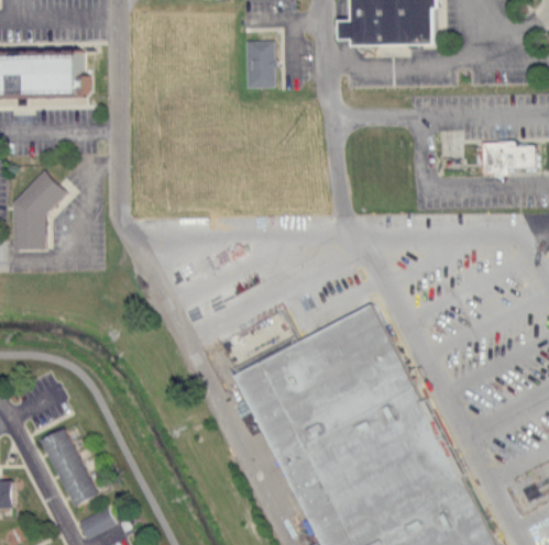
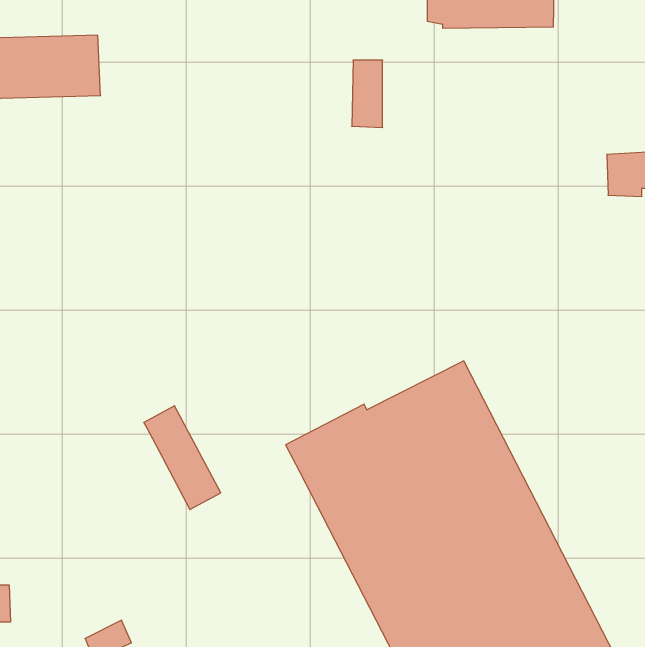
building: [250,37,274,90] -> [352,60,383,128]
building: [12,169,68,252] -> none
building: [41,426,101,508] -> [144,406,221,510]

